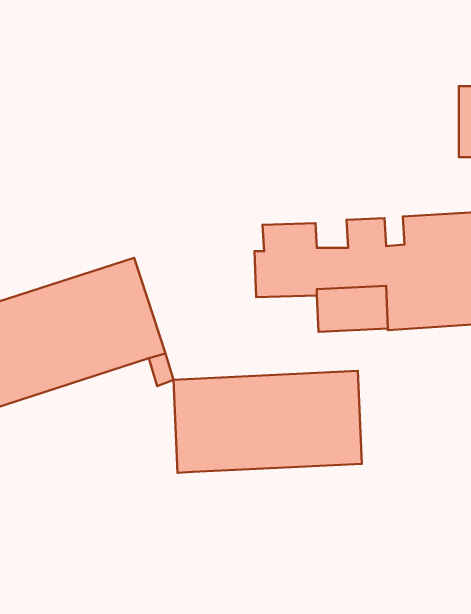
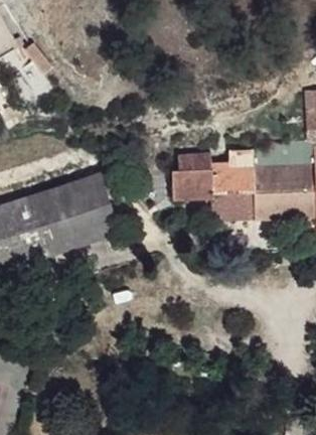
building: [174,371,362,473] -> none

